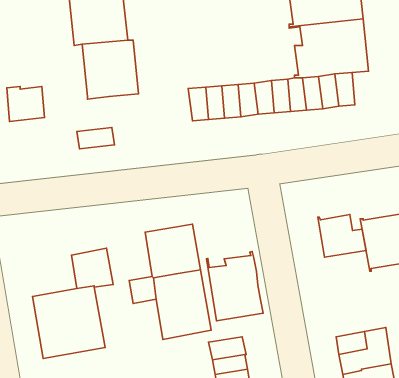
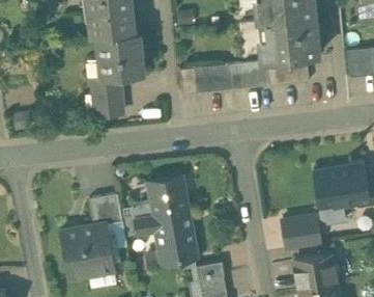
building: [7,87,44,122] -> [92,76,121,103]
building: [318,214,366,257] -> [283,216,320,249]
building: [207,252,263,321] -> none

